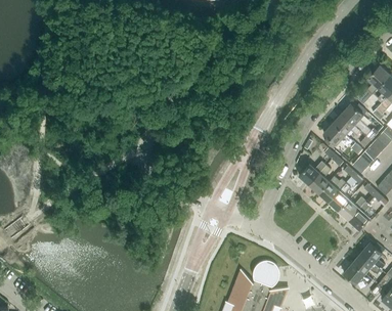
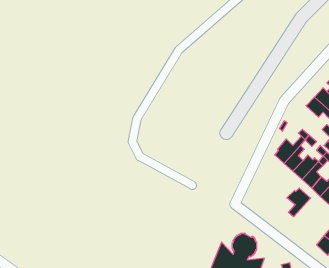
building: [323,123,353,149] -> none
building: none -> [287,188,311,217]

